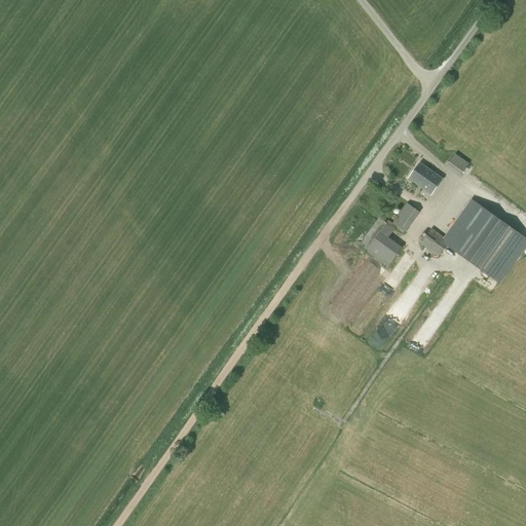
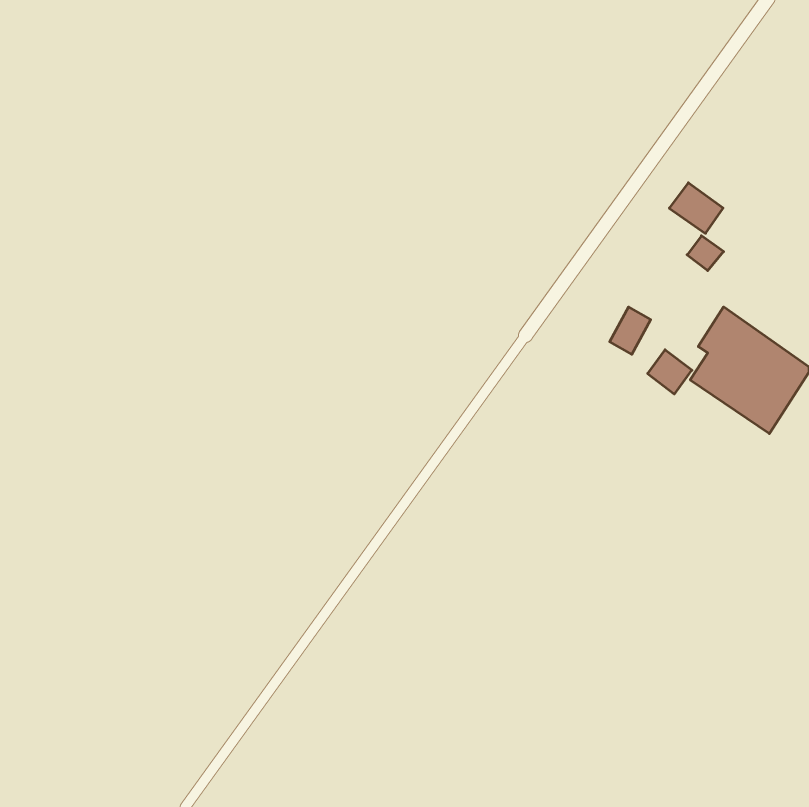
building: [408,161,443,194] -> [669,183,723,233]
building: [359,217,402,267] -> none

